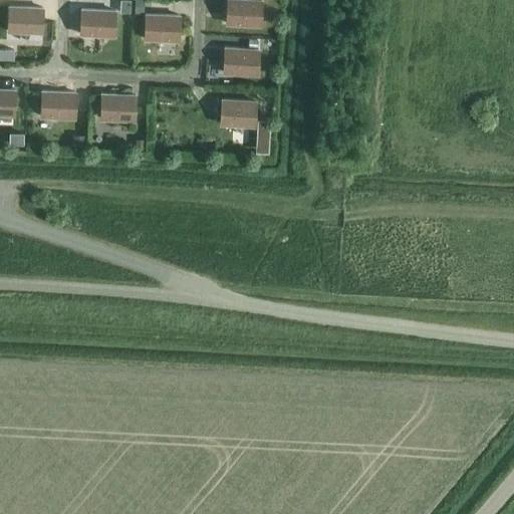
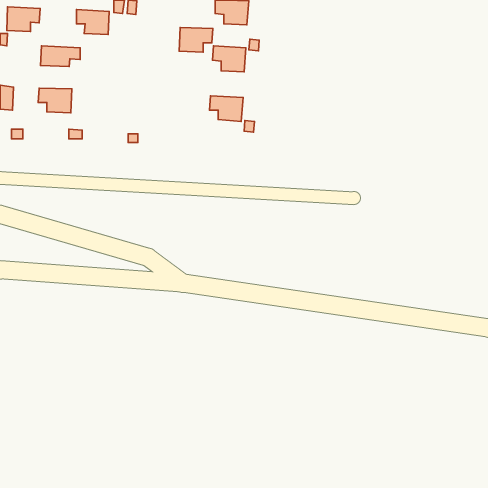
building: [145,16,180,42] -> [179,27,213,52]
building: none -> [41,46,80,67]
building: [100,95,136,122] -> none

